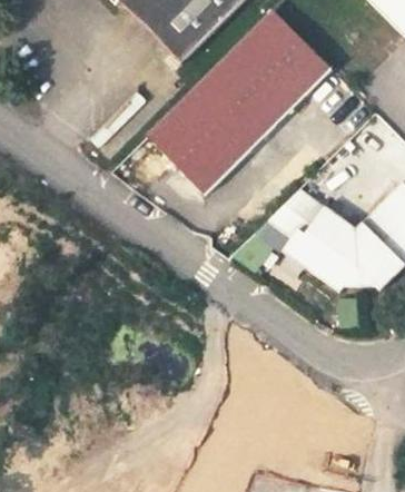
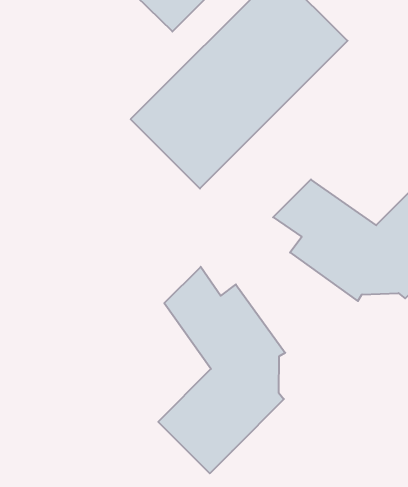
building: none -> [158,267,285,473]

